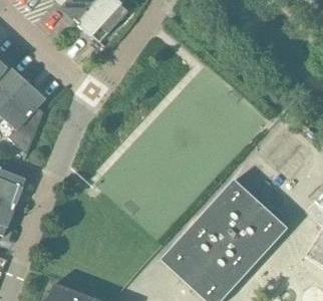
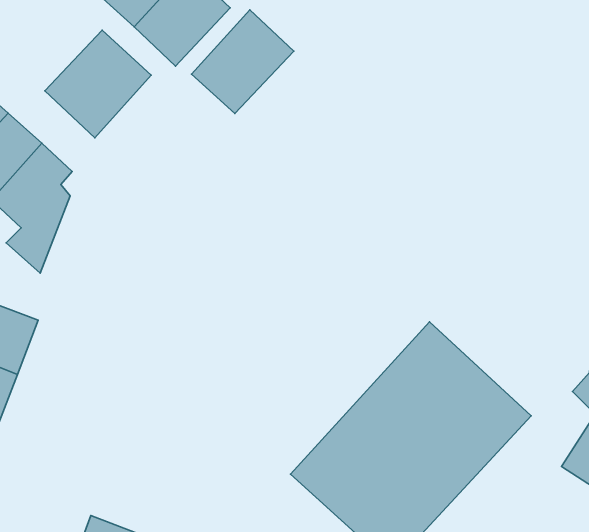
building: none -> [192,10,294,114]
building: none -> [45,30,151,138]

